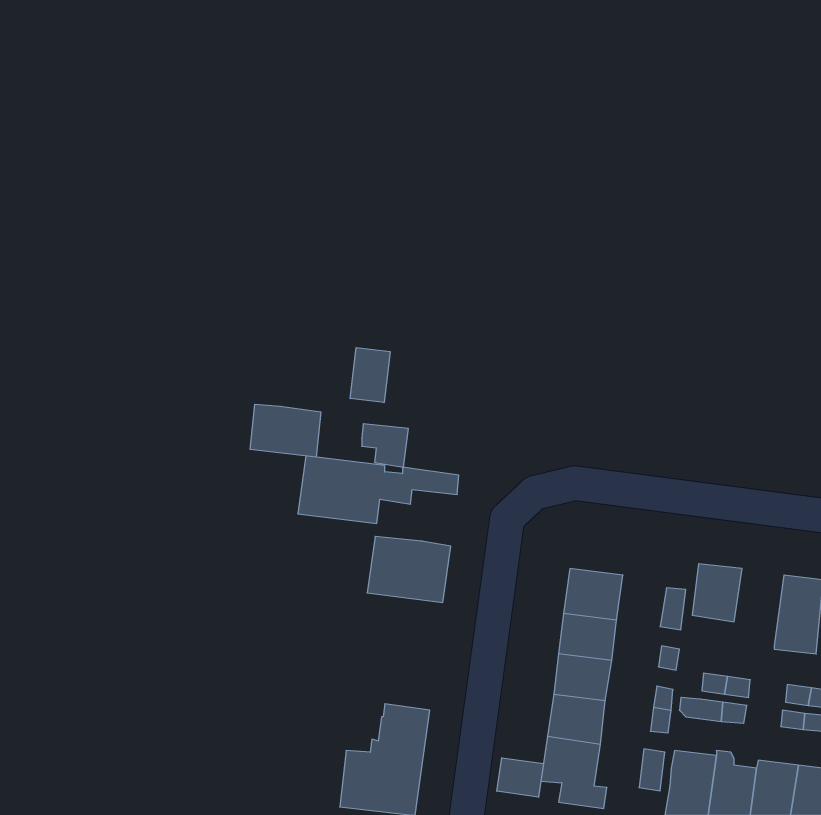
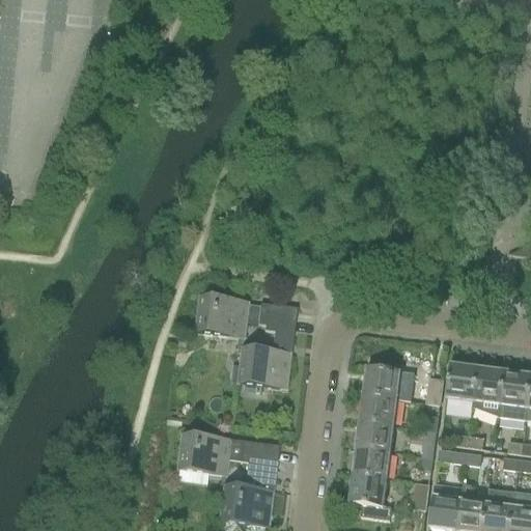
building: [350,348,390,403] -> none
building: [250,404,321,457] -> none
building: [362,424,408,467] -> [266,315,296,343]
building: none -> [474,366,506,416]
building: none -> [177,431,279,475]
building: [497,758,543,797] -> none

